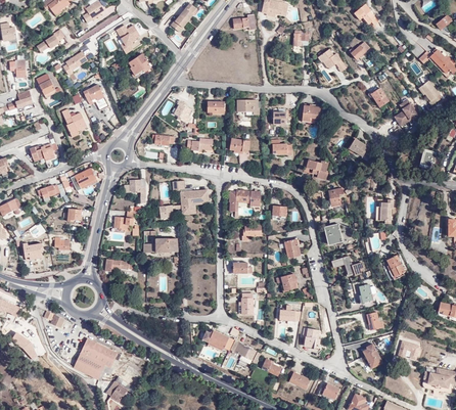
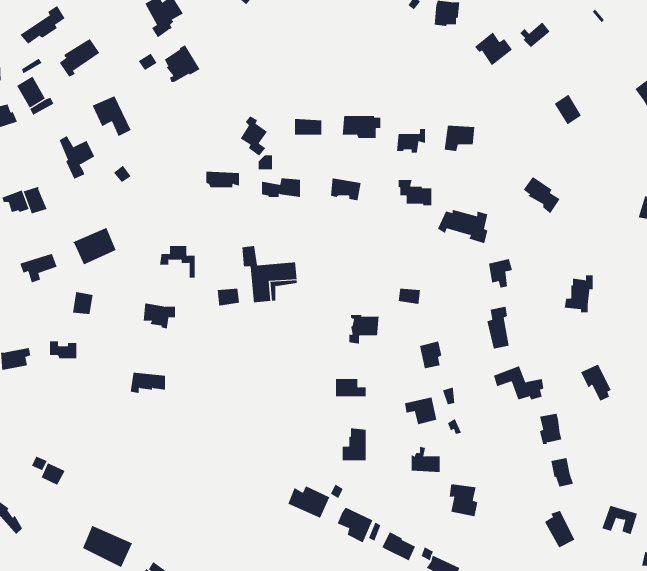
building: [396,97,422,126] -> none
building: [230,189,262,212] -> none
building: [143,237,177,252] -> none
building: [82,338,123,367] -> none

